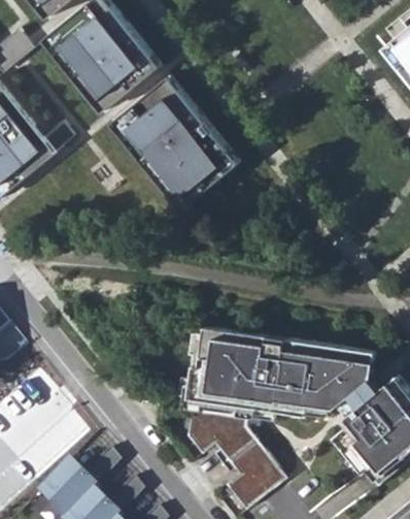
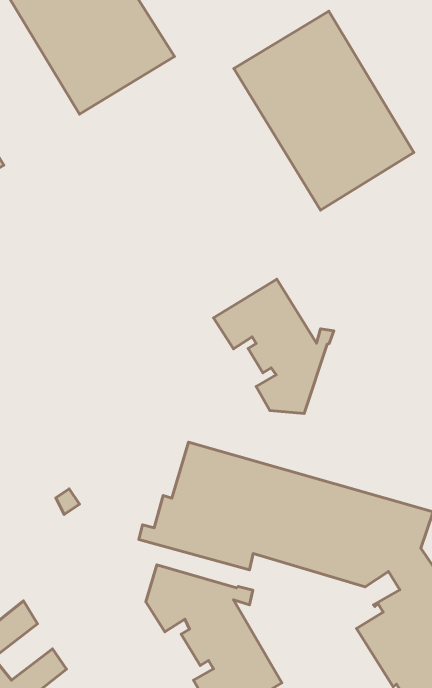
building: [111,75,240,210] -> [234,11,414,210]
building: none -> [213,279,334,413]

